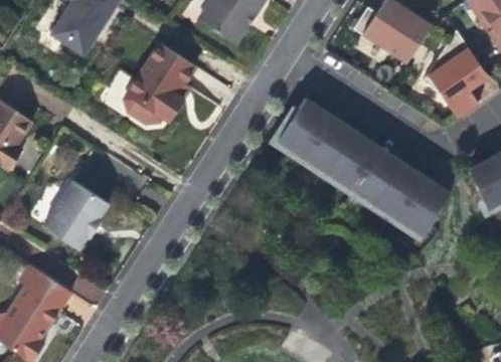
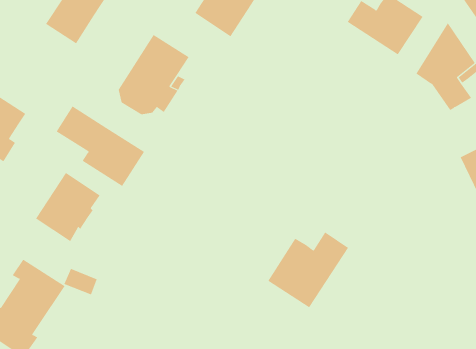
building: [280,98,454,233] -> none
building: none -> [56,106,145,187]
building: none -> [267,232,349,308]

